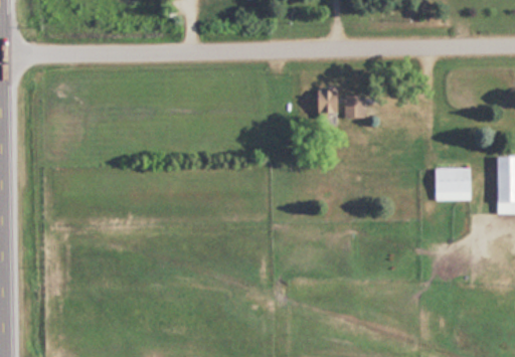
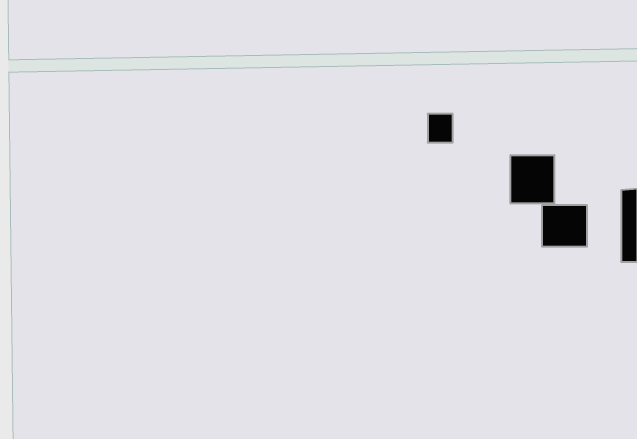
building: [319,91,339,117] -> none
building: none -> [511,155,554,204]

